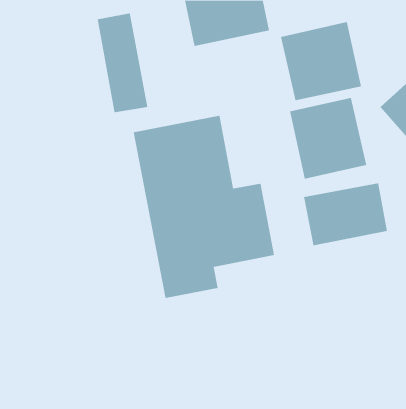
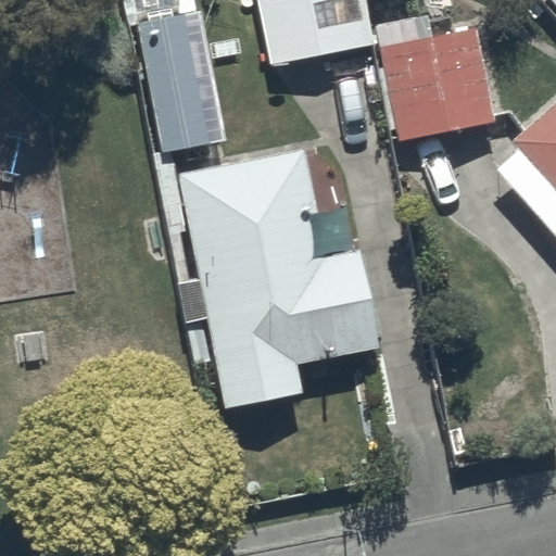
building: [289,97,367,179] -> none
building: [304,182,388,246] -> none

